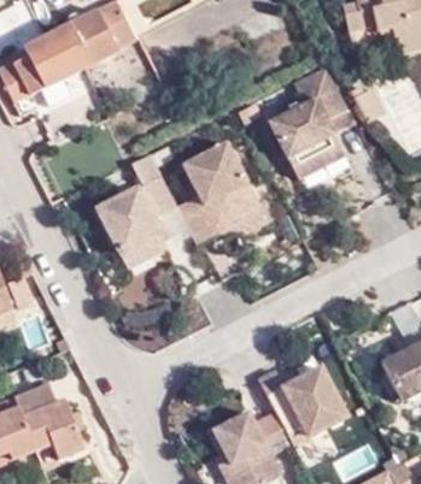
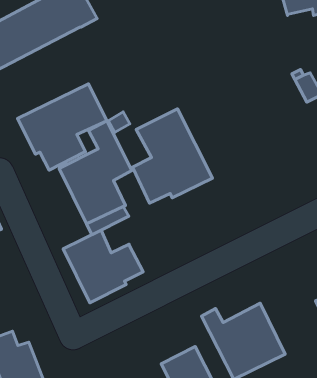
building: [268,65,357,182] -> none
building: none -> [17,84,107,170]
building: none -> [63,230,143,303]

